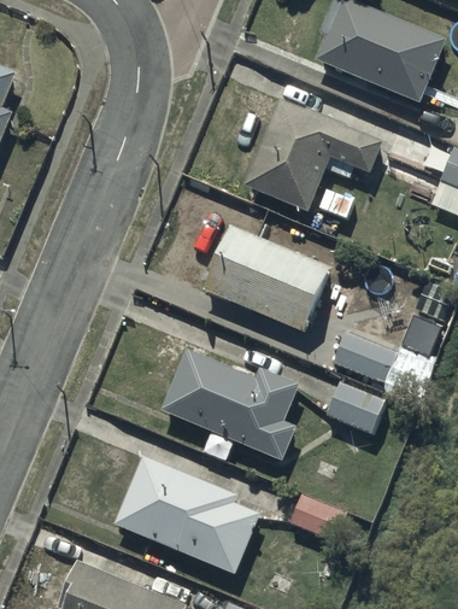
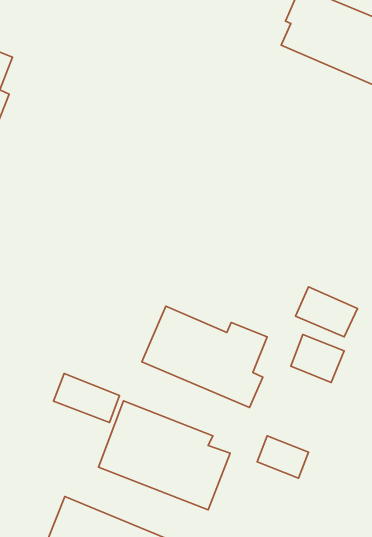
building: [242,99,383,212] -> none
building: [202,226,331,334] -> none
building: none -> [54,373,120,423]

